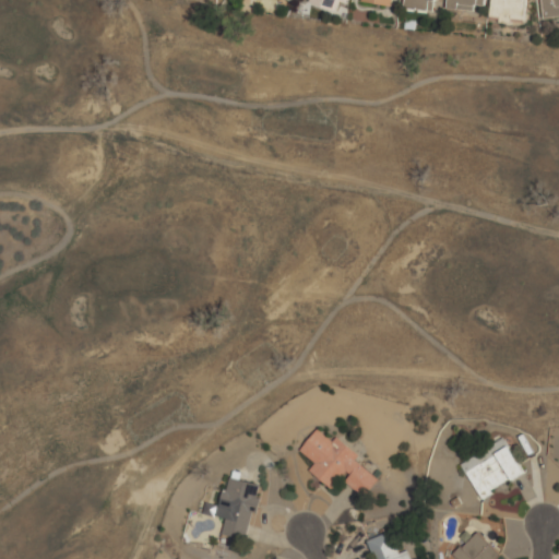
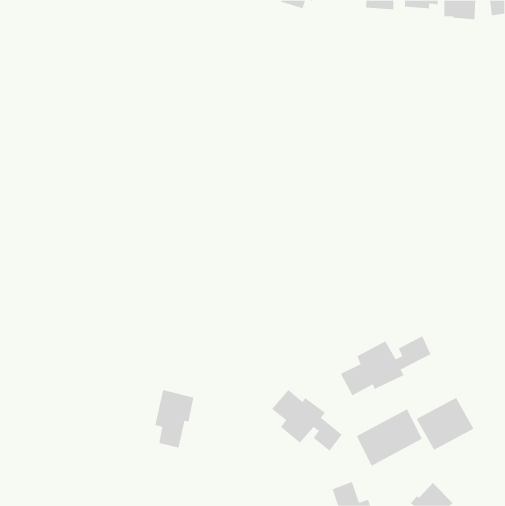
building: none -> [340,335,431,396]
building: none -> [356,409,423,467]
building: [216,476,260,540] -> [155,390,194,448]

